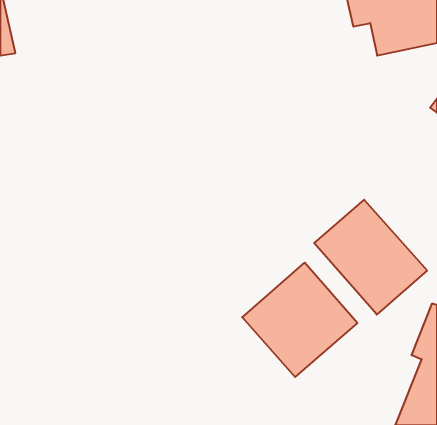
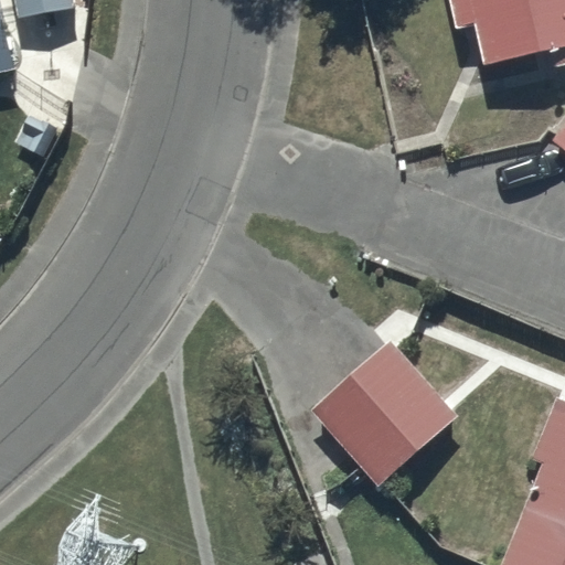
building: [314,200,427,315] -> none

